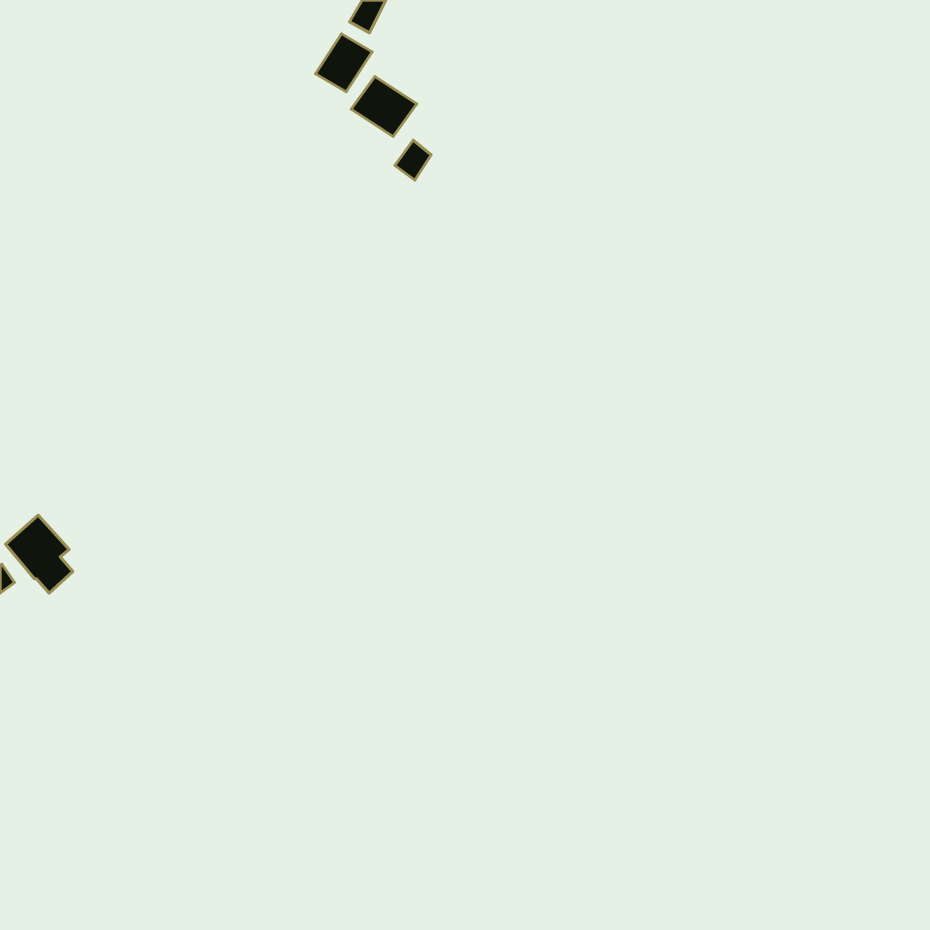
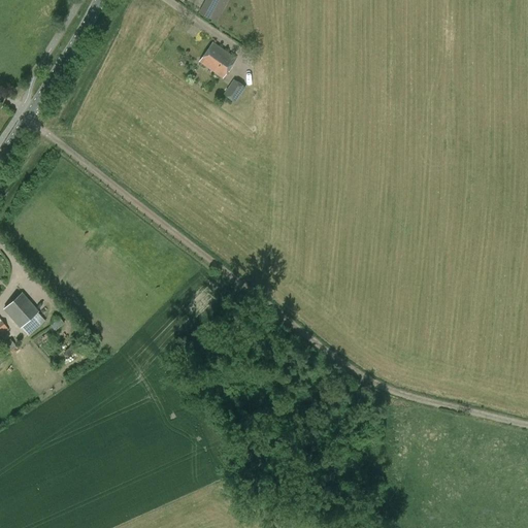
building: [315,34,372,92] -> none

